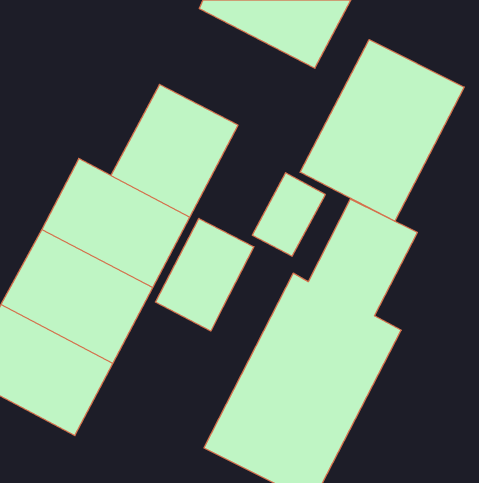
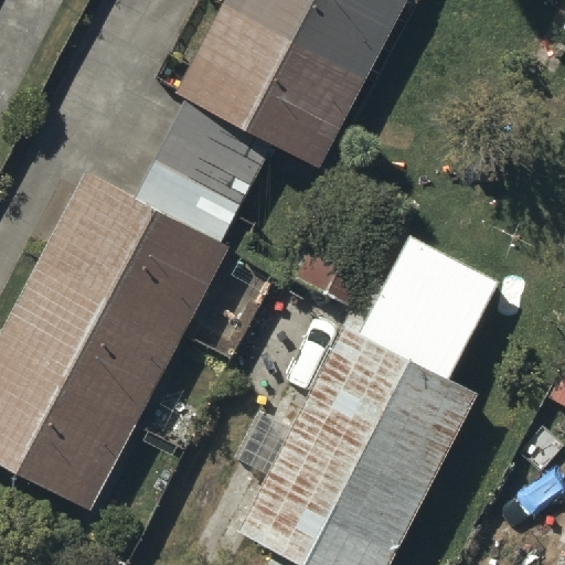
building: none -> [185,12,366,170]
building: [300,40,464,221] -> none
building: [155,218,254,331] -> none

